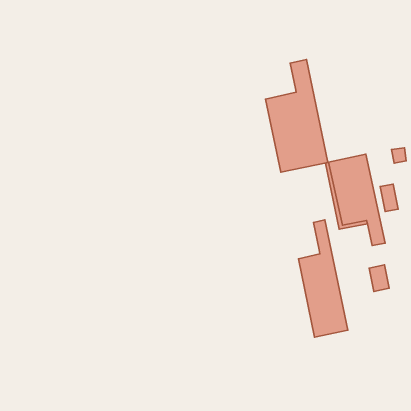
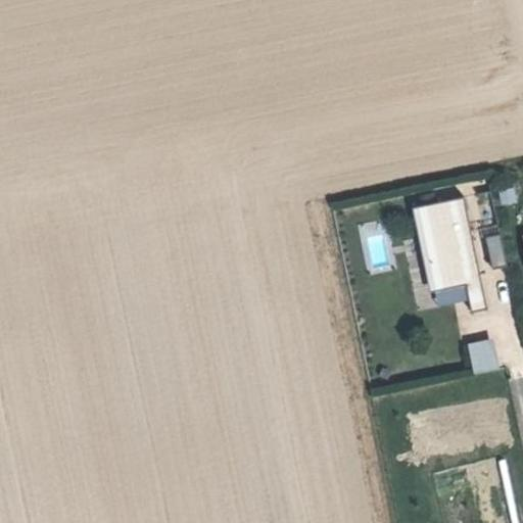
building: [266,59,328,172] -> none
building: [298,220,348,337] -> none

